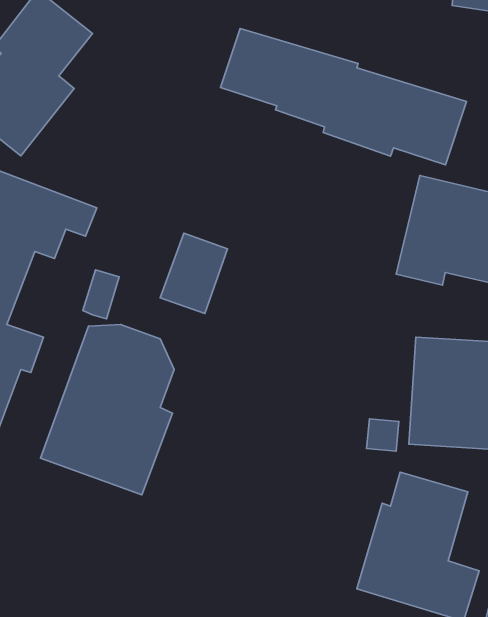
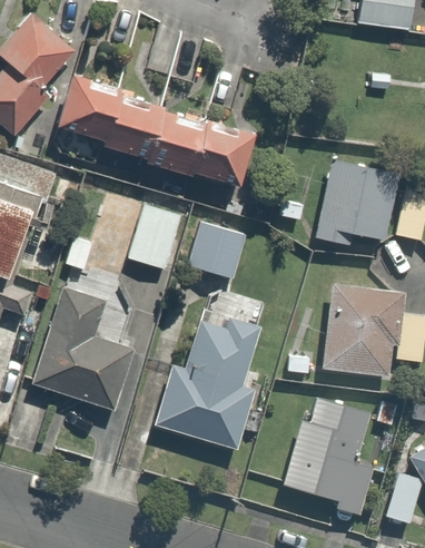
building: [221,28,467,165] -> [58,78,253,186]
building: none -> [189,224,250,278]
building: none -> [150,316,264,451]

